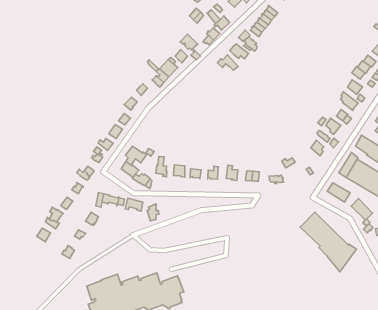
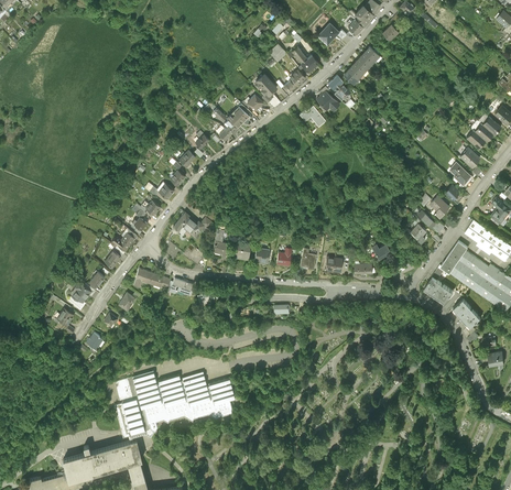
building: [300,212,357,272] -> none

